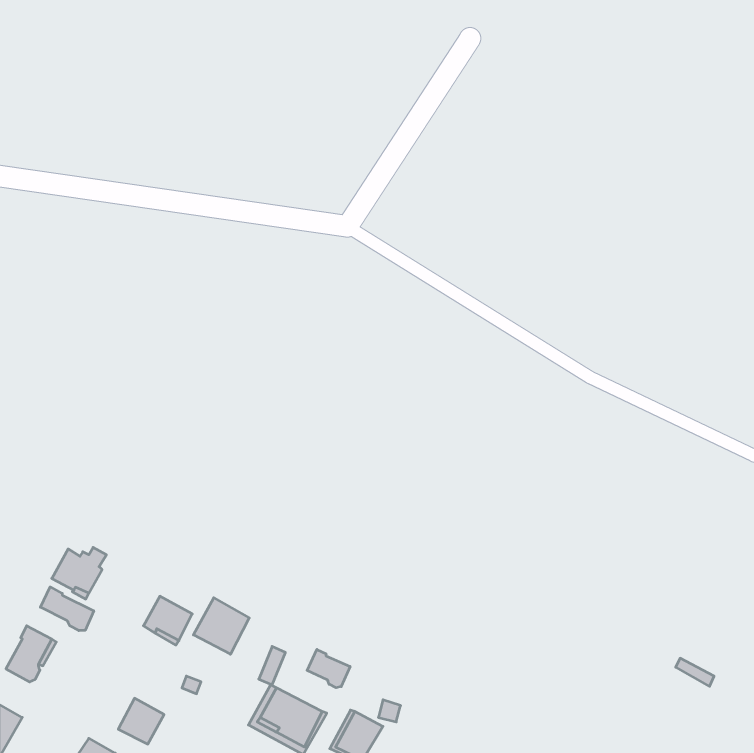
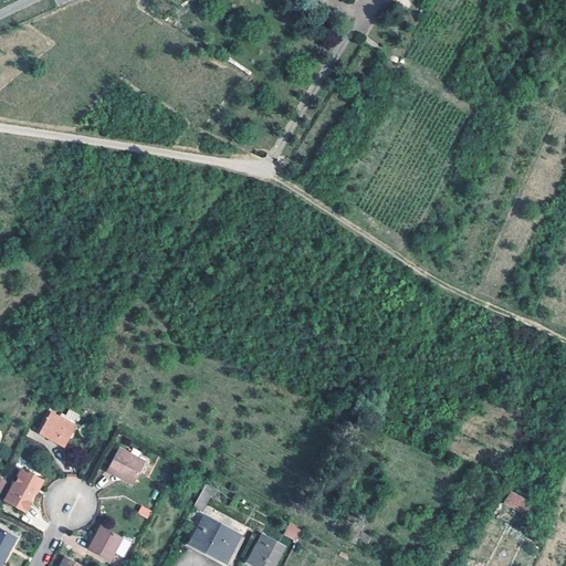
building: [40,587,94,631] -> none
building: [193,598,249,654] -> none
building: [307,649,350,688] -> none

